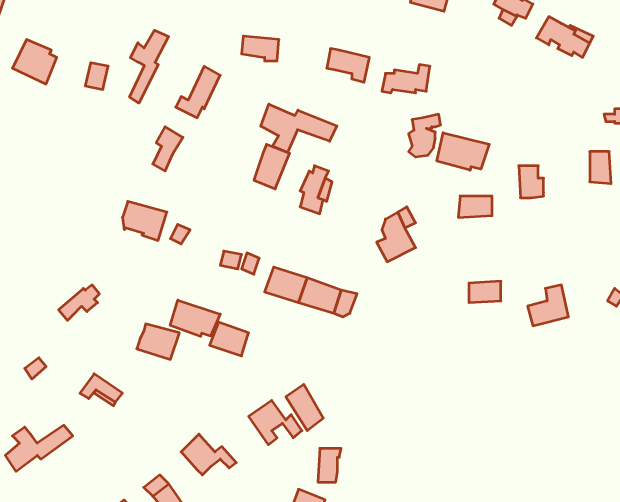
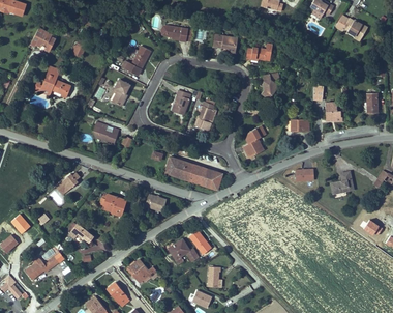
building: [130,30,169,103] -> none
building: none -> [34,65,71,92]
building: [261,104,337,152] -> none
building: [437,133,489,170] -> none
building: [170,300,220,336] -> none

